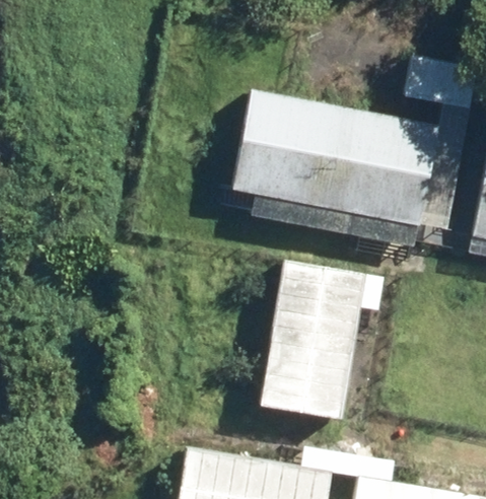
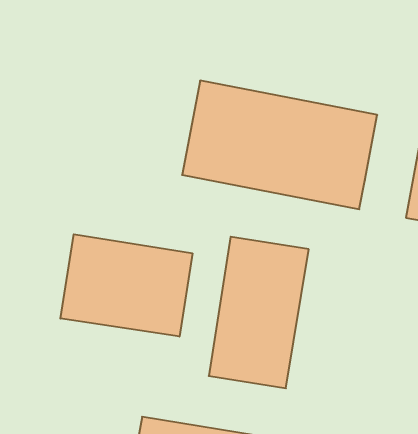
building: none -> [60,234,192,337]

